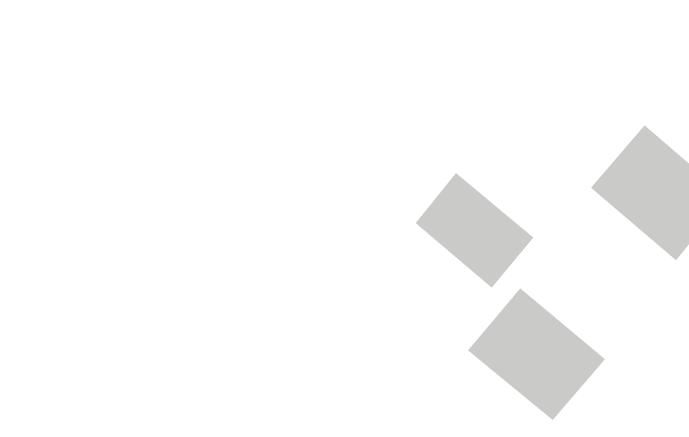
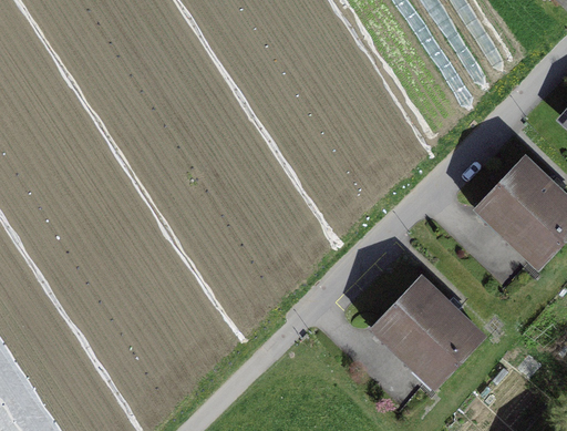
building: [414,172,534,289] -> none

